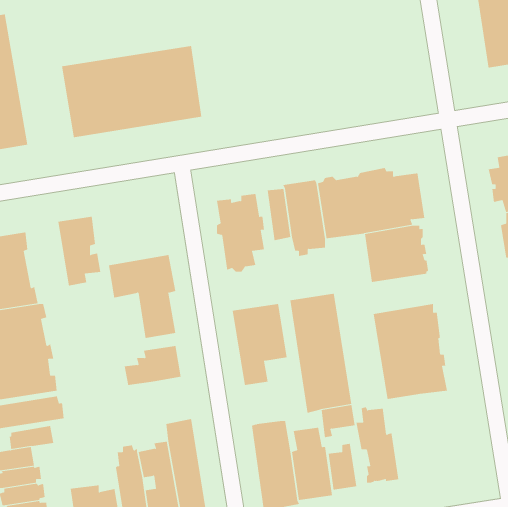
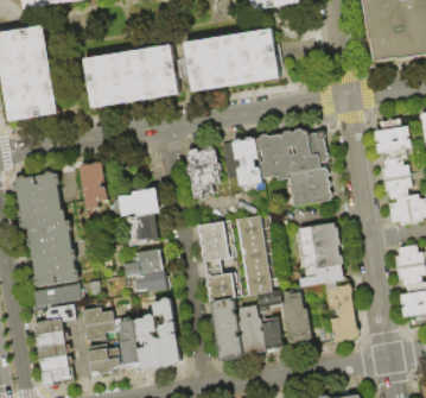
building: none -> [183,27,279,91]
building: none -> [134,271,169,292]
building: none -> [205,272,241,303]
building: none -> [325,279,358,342]
building: none -> [81,308,114,341]

